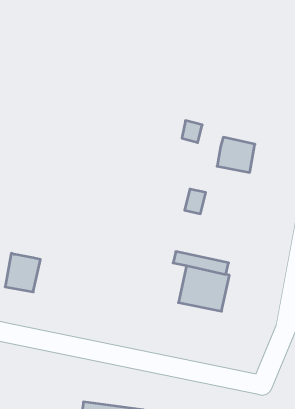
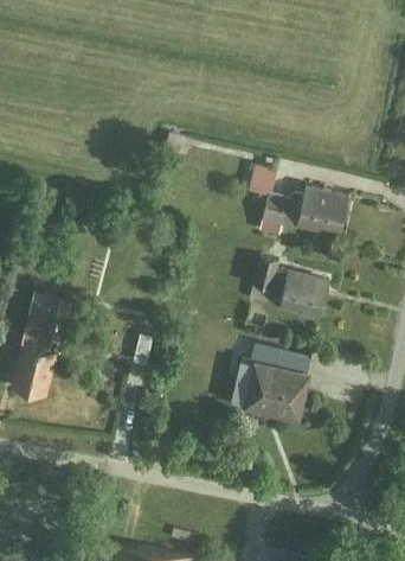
building: none -> [263,196,298,228]
building: none -> [278,273,328,319]
building: none -> [20,295,79,351]

